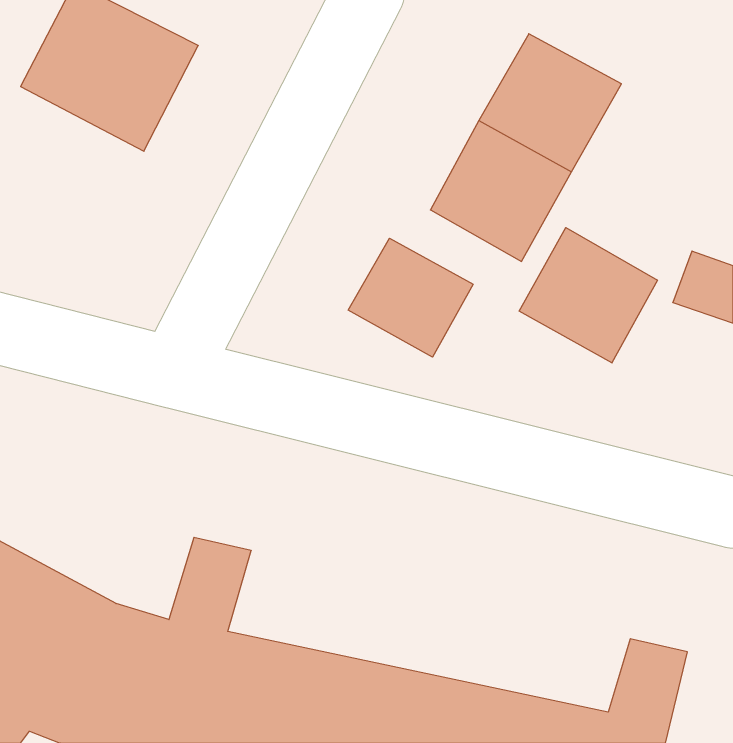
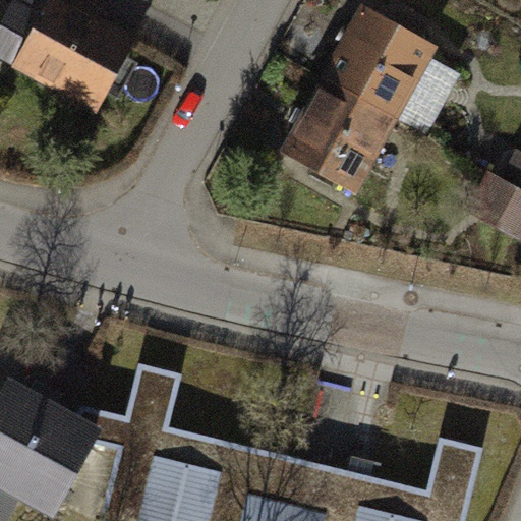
building: [519,228,657,363] -> none
building: [348,238,473,357] -> none

